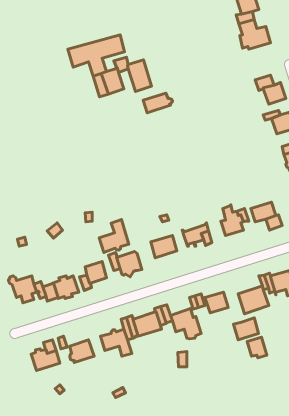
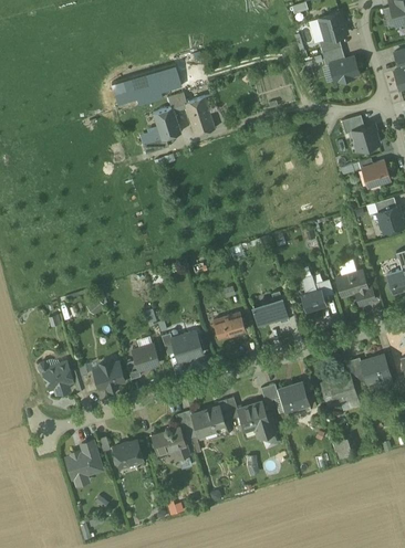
building: [143,93,173,113] -> none
building: [99,219,129,252] -> none
building: [234,318,259,340] -> none

